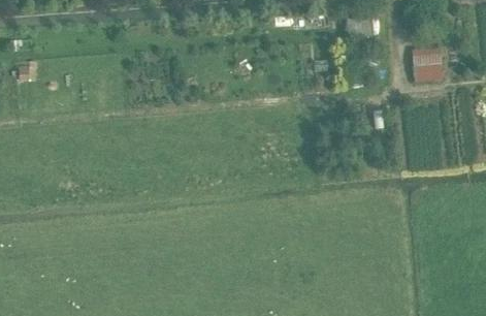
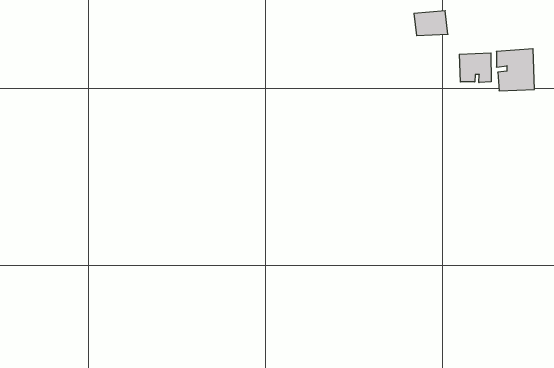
building: none -> [459,53,491,83]

